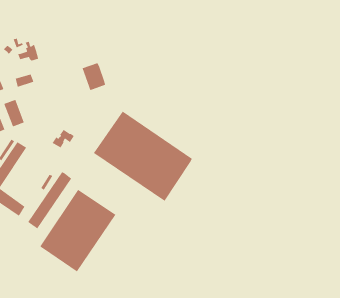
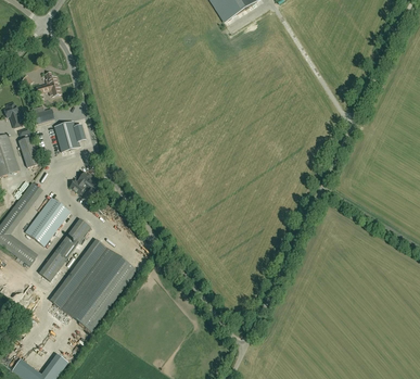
building: [82,62,106,91] -> [54,121,80,152]
building: [93,111,193,202] -> none
building: none -> [25,198,69,245]

